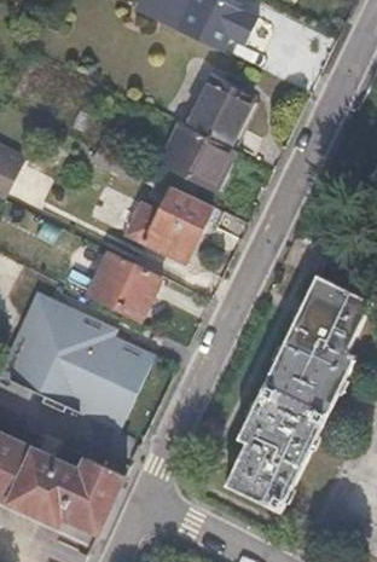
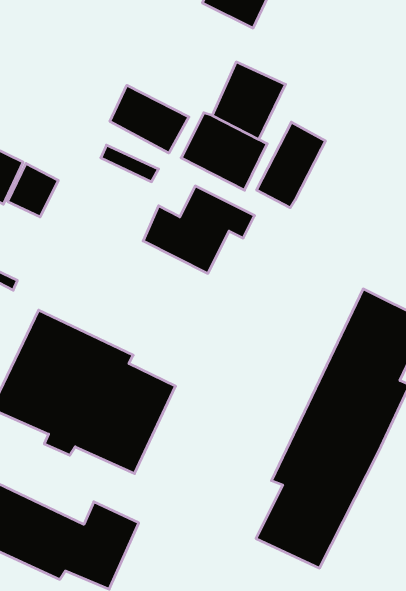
building: none -> [110,85,189,153]
building: none -> [257,122,325,208]
building: [87,250,161,323] -> none

